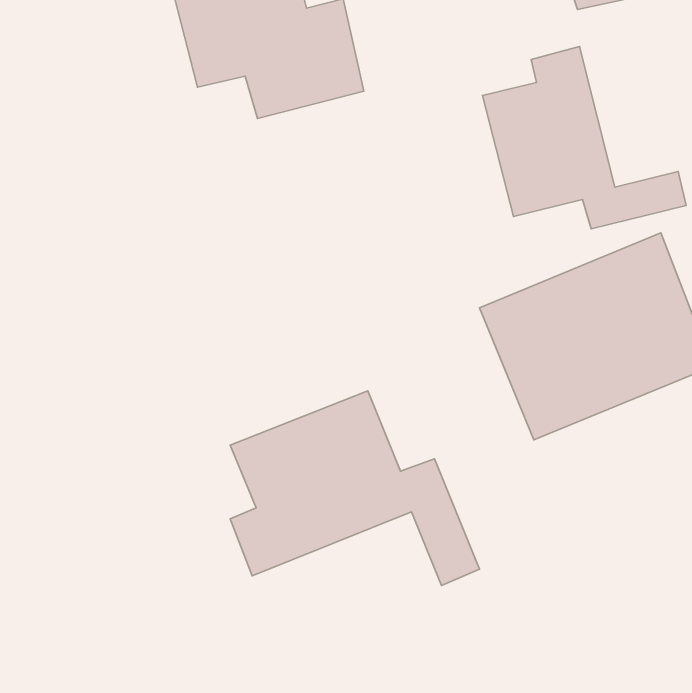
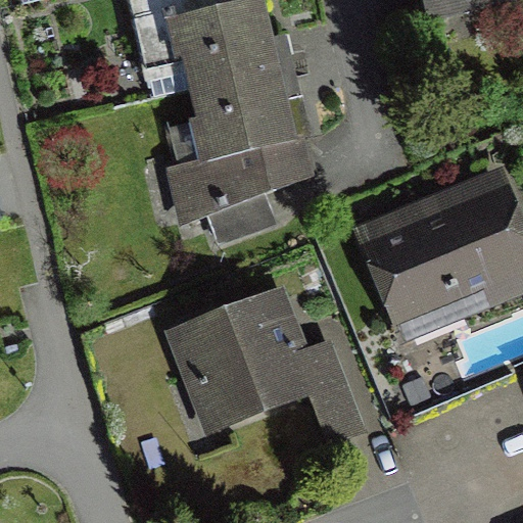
building: [482,46,686,229] -> none
building: none -> [172,68,314,238]

